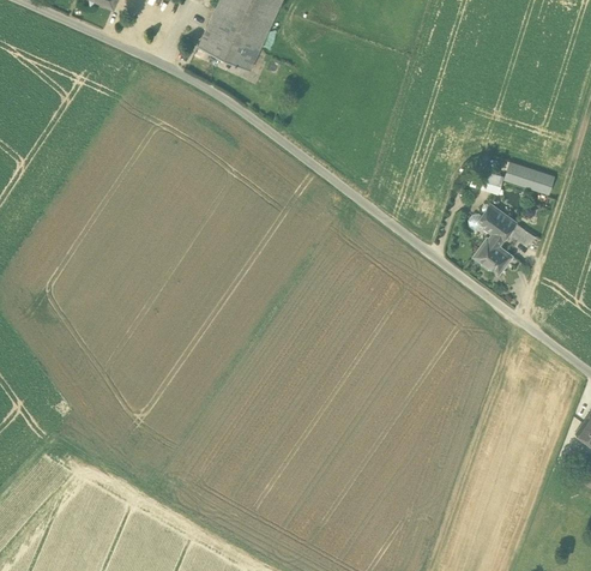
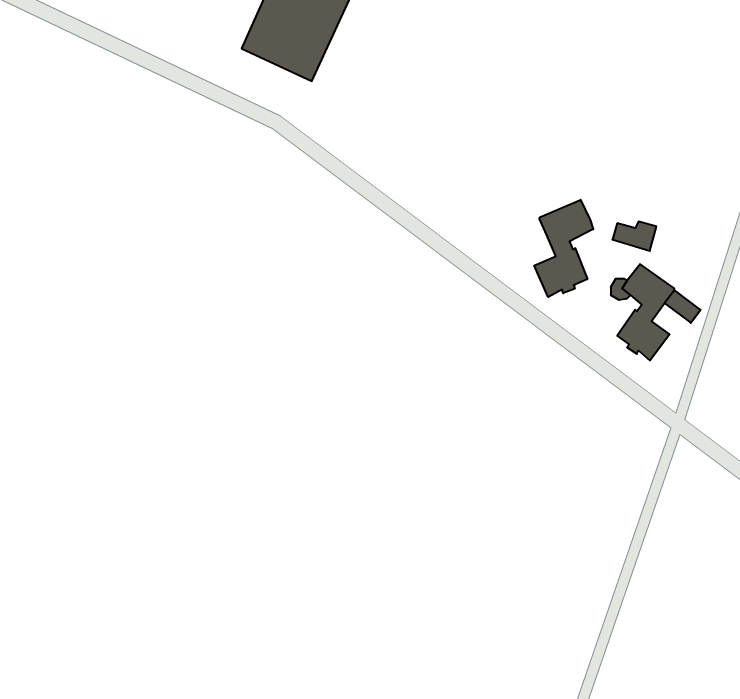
building: none -> [534,200,593,297]
building: [505,161,554,193] -> none

